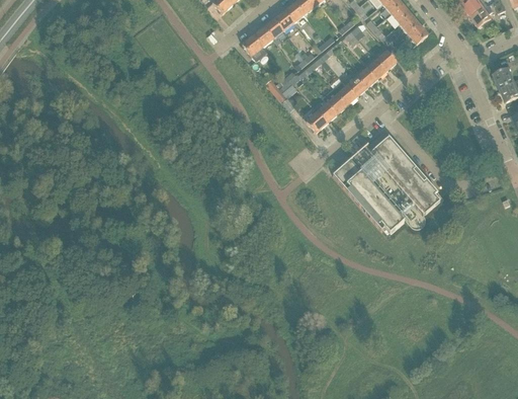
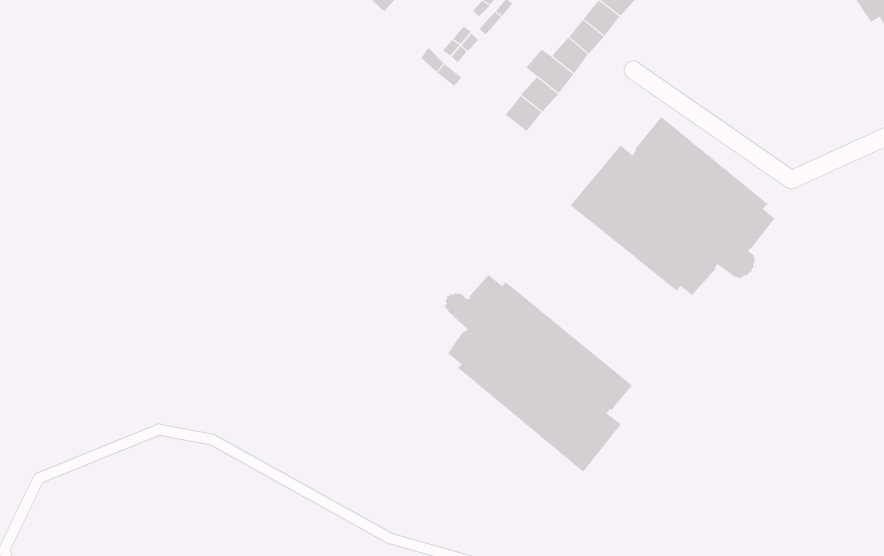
building: none -> [444,274,634,472]

